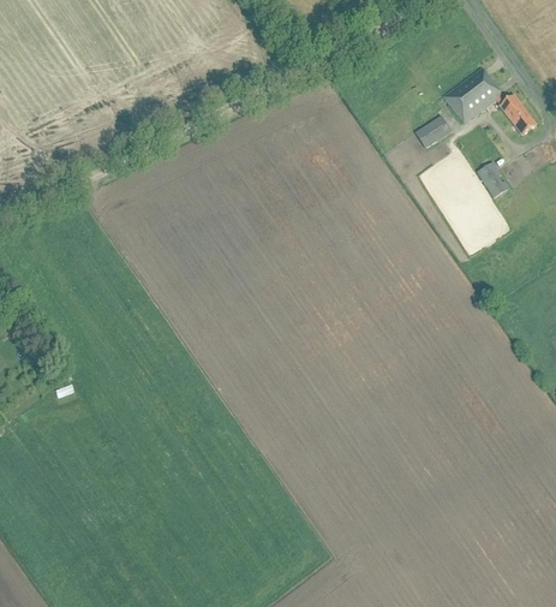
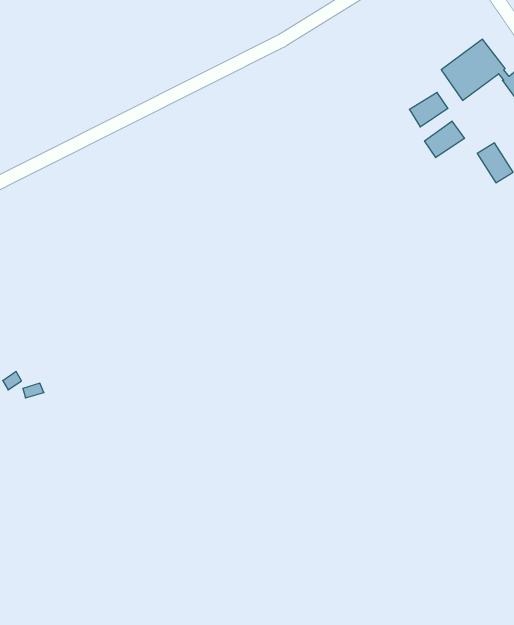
building: none -> [425,121,464,158]

